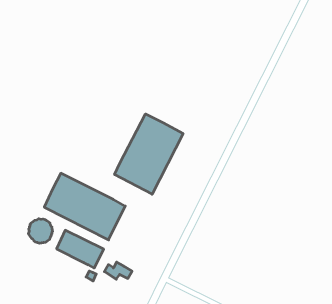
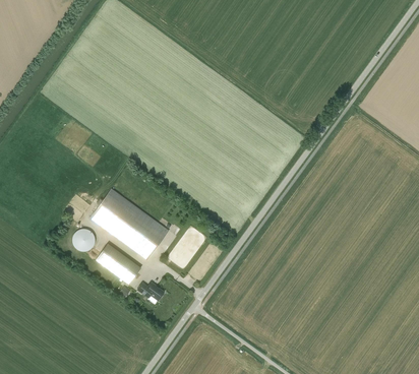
building: [115,114,183,194] -> none

